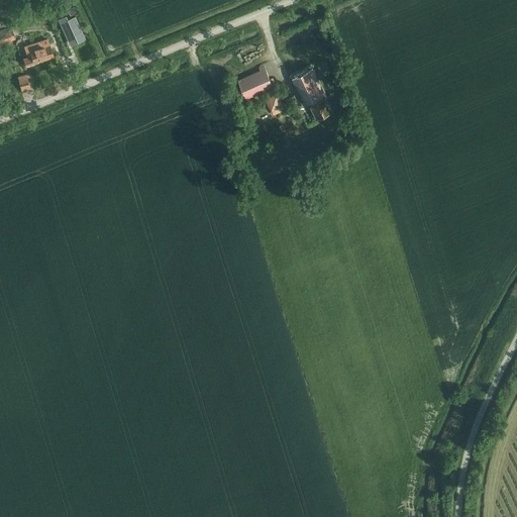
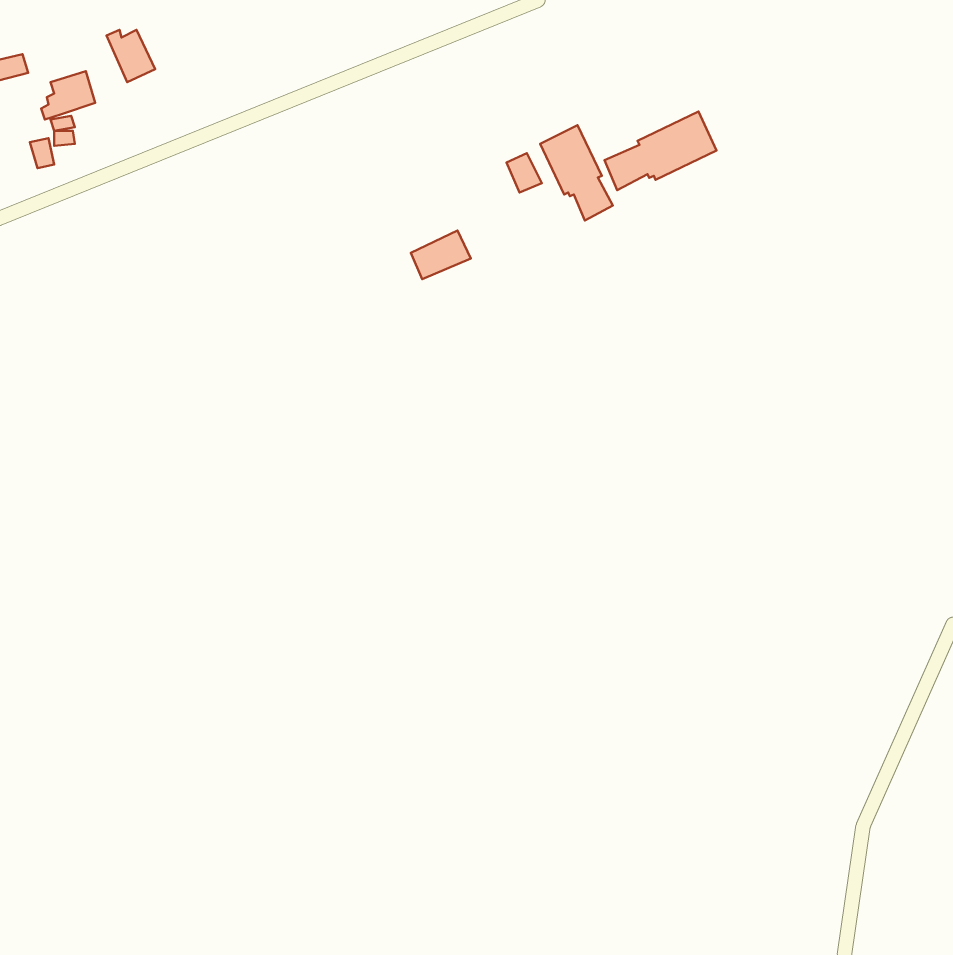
building: none -> [604,112,716,190]
building: [239,70,272,96] -> [411,230,471,279]

